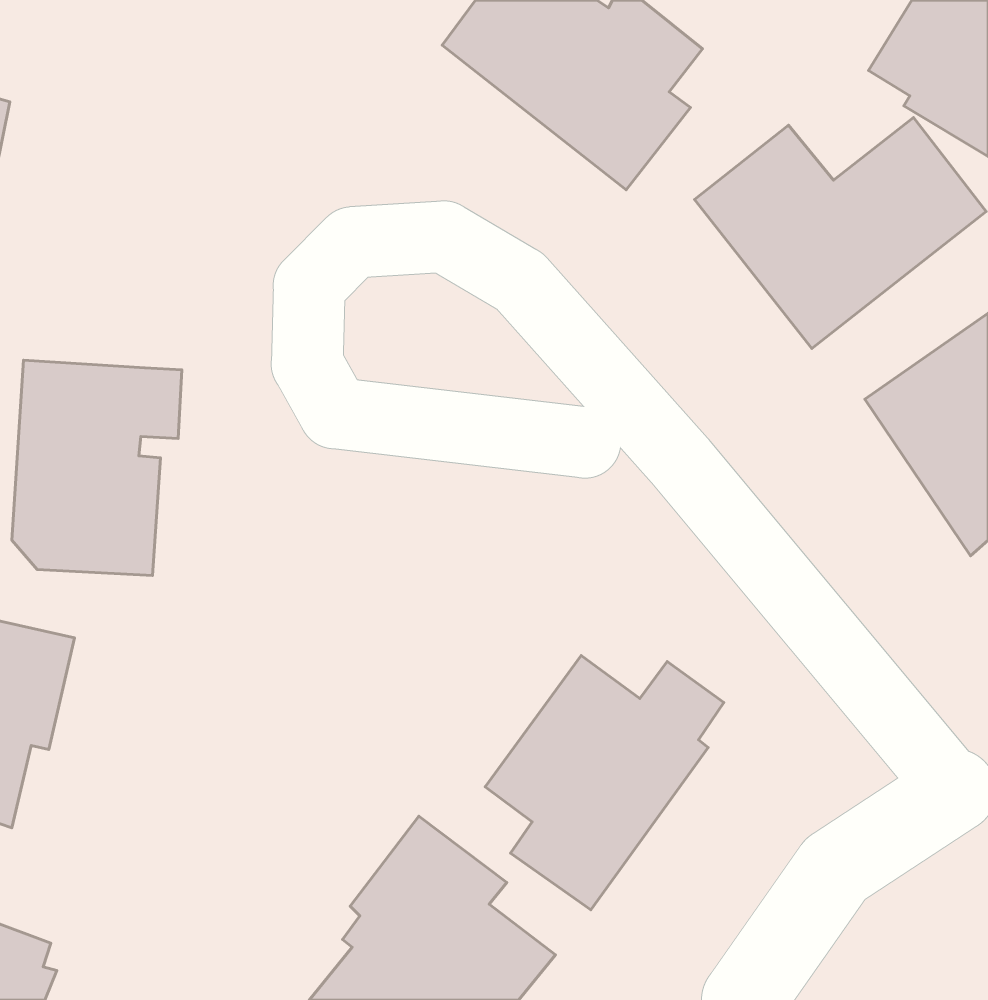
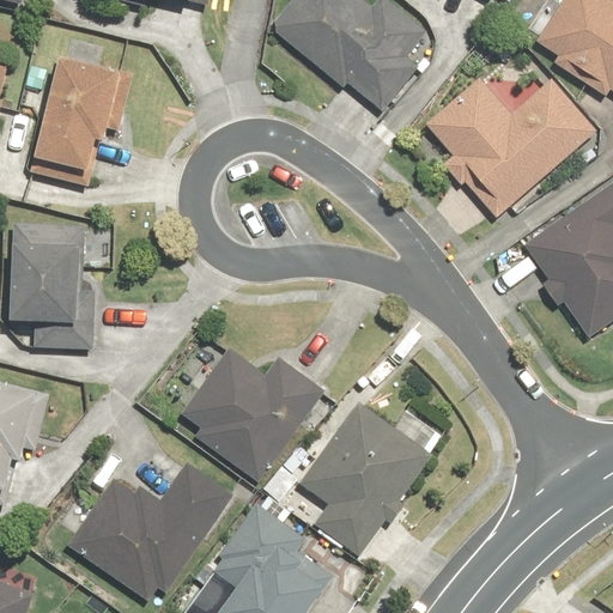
building: none -> [28,40,127,188]
building: none -> [181,350,322,481]
building: none -> [69,461,236,602]

